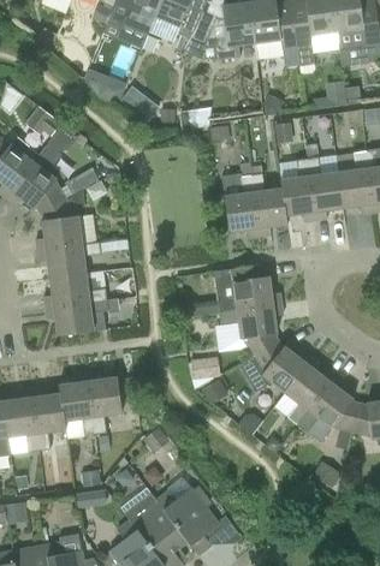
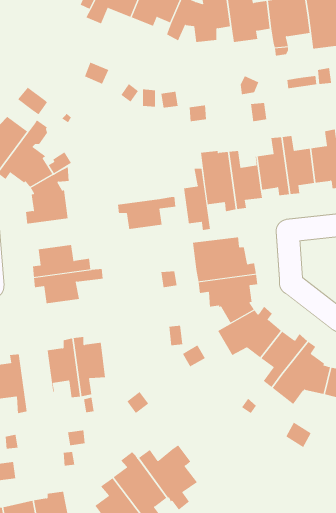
building: none -> [183,168,210,231]
building: [37,243,100,278] -> [117,196,176,229]
building: [30,387,65,449] -> none

